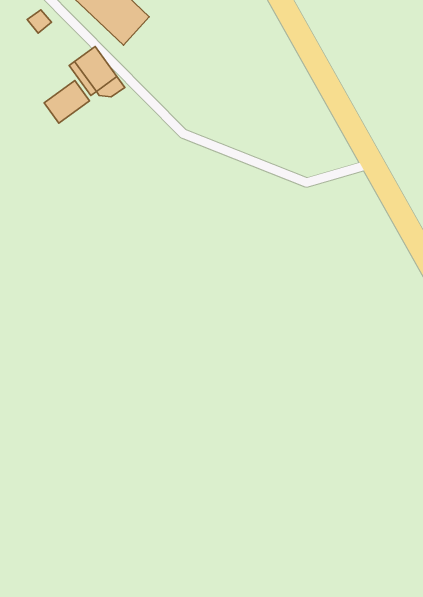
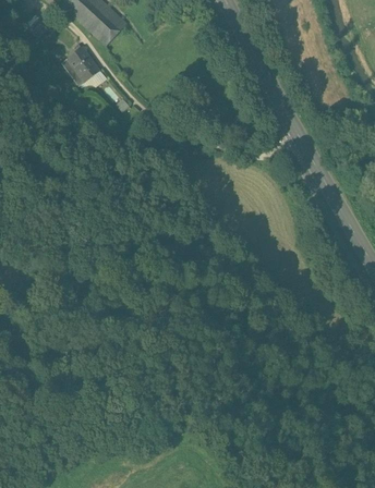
building: [44,80,89,123] -> none

